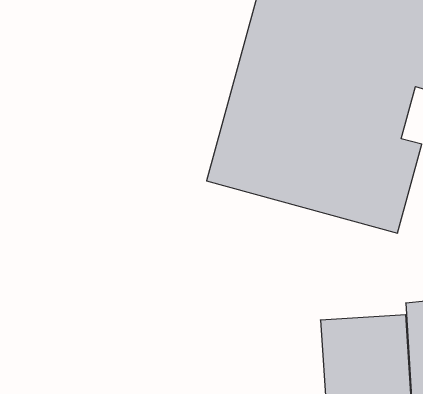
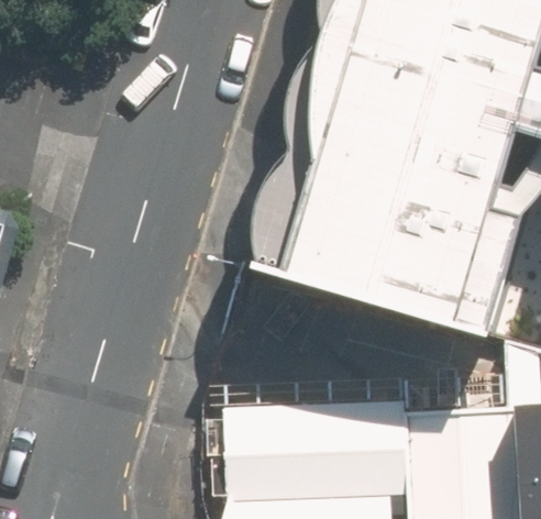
building: none -> [219,394,409,506]

